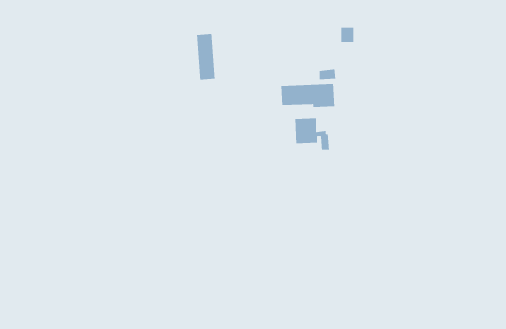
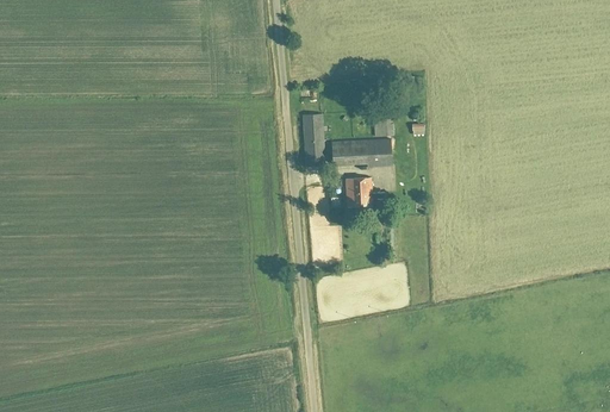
building: [196,33,215,80] -> [301,111,323,163]

